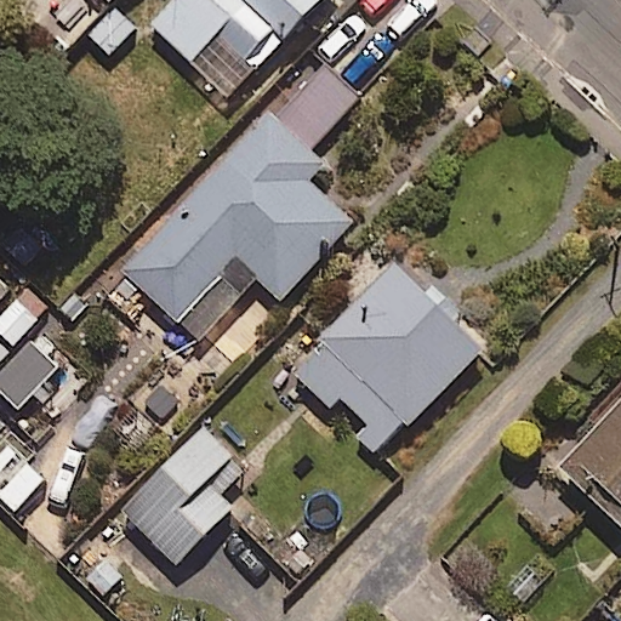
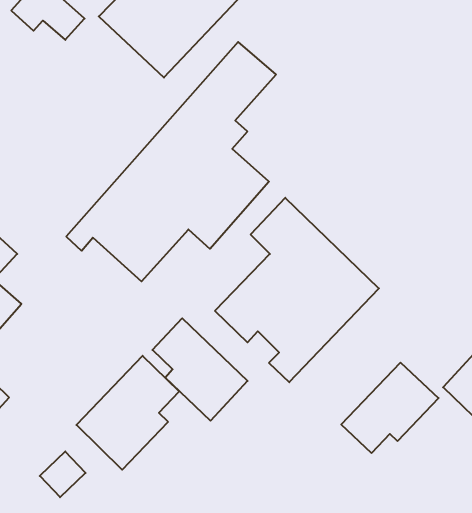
building: none -> [152,318,248,421]
building: none -> [341,363,439,453]

